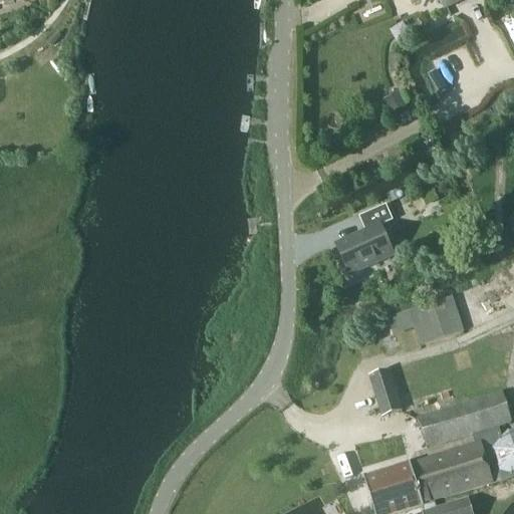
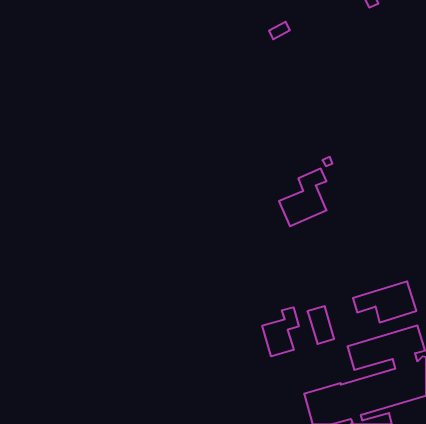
building: [387,295,463,344] -> [353,281,416,322]
building: none -> [262,307,299,356]

